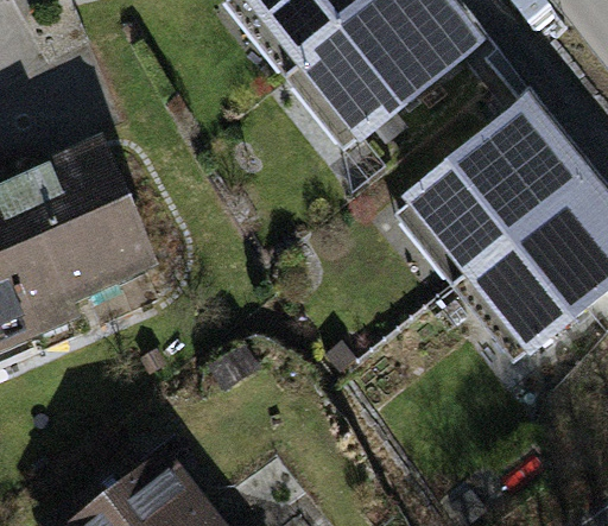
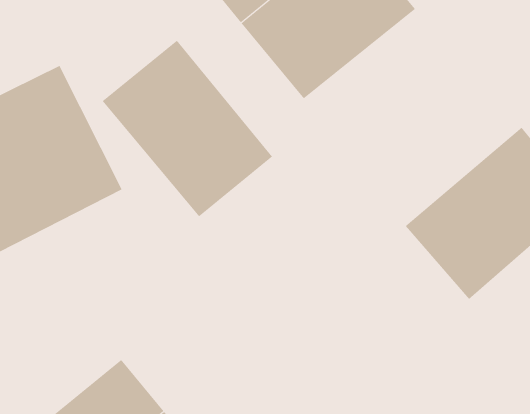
building: none -> [102,40,273,217]
building: [398,107,591,293] -> none

